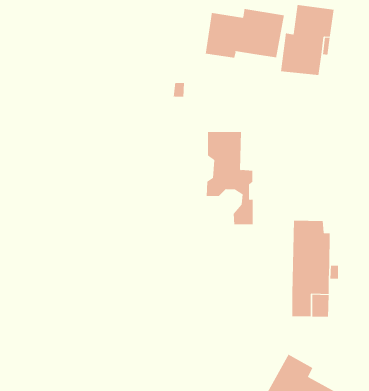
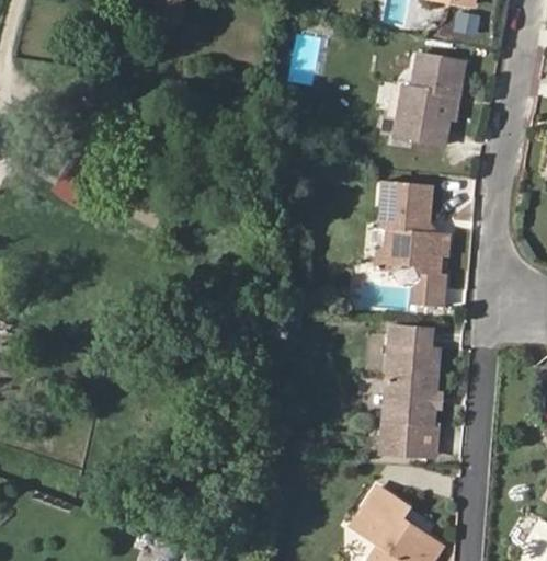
building: [205,8,284,59] -> none
building: [206,131,254,225] -> [388,182,451,305]

